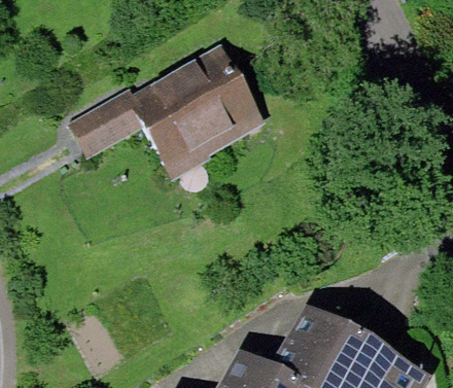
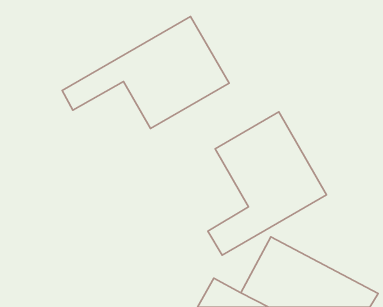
building: none -> [208,112,327,255]

